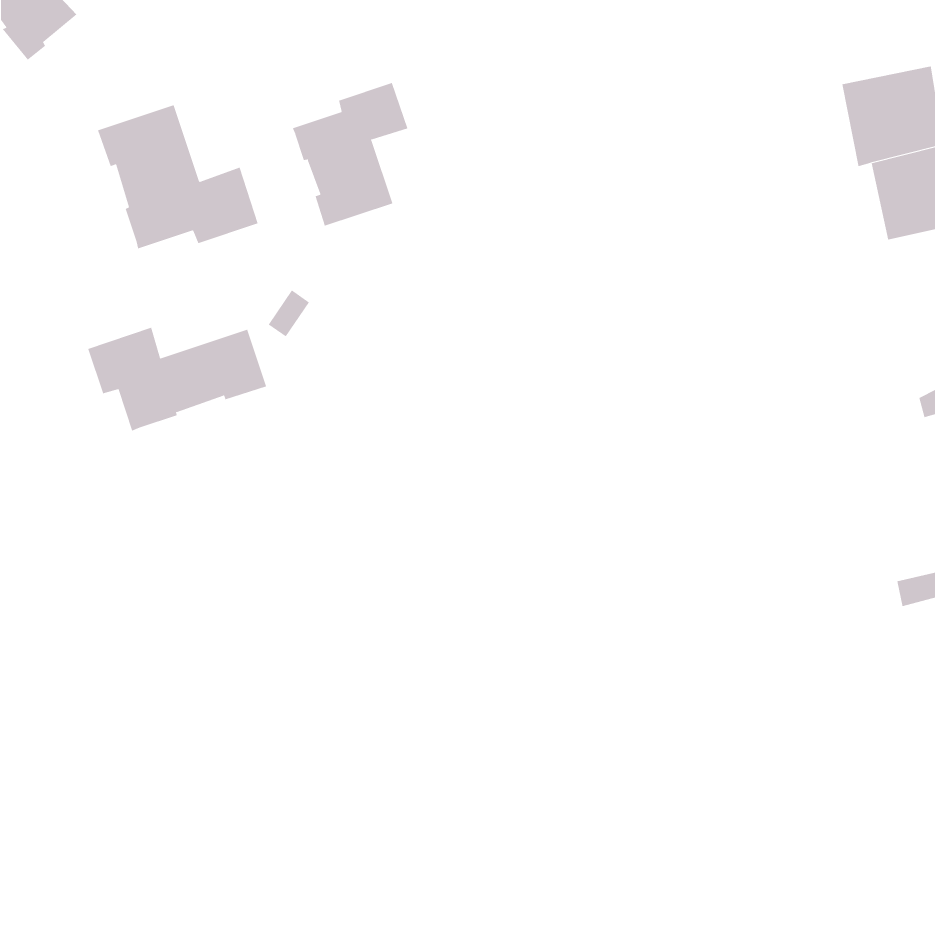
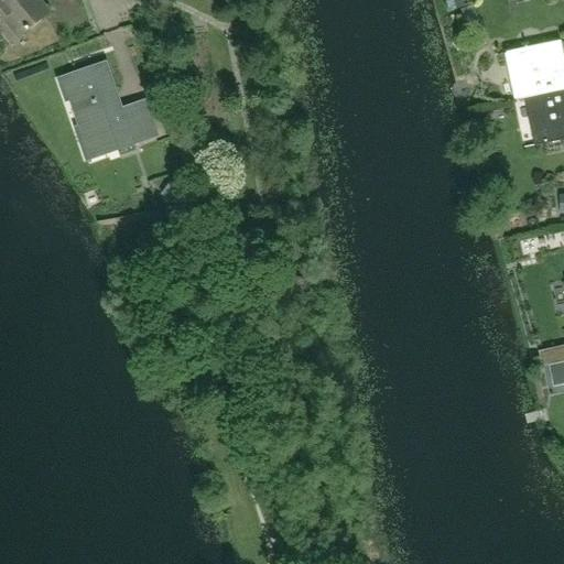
building: [292,82,408,227] -> none
building: [88,327,267,431] -> none

